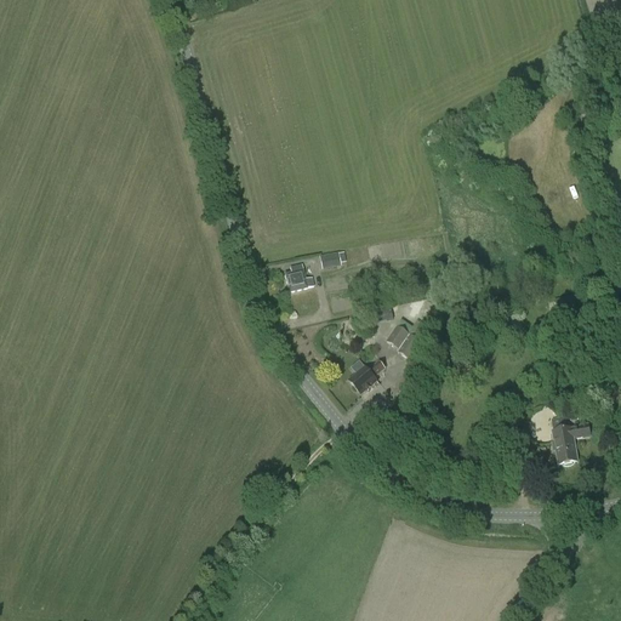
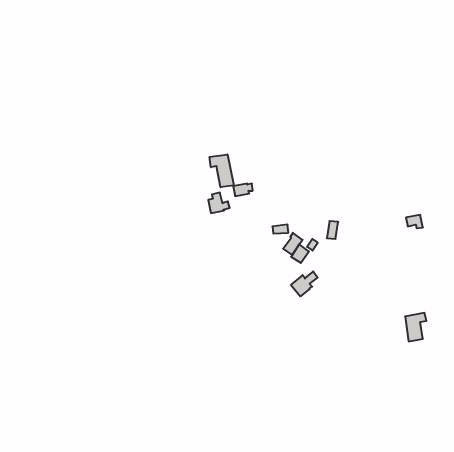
building: none -> [210,154,234,187]
building: [348,358,384,392] -> [291,271,318,296]

